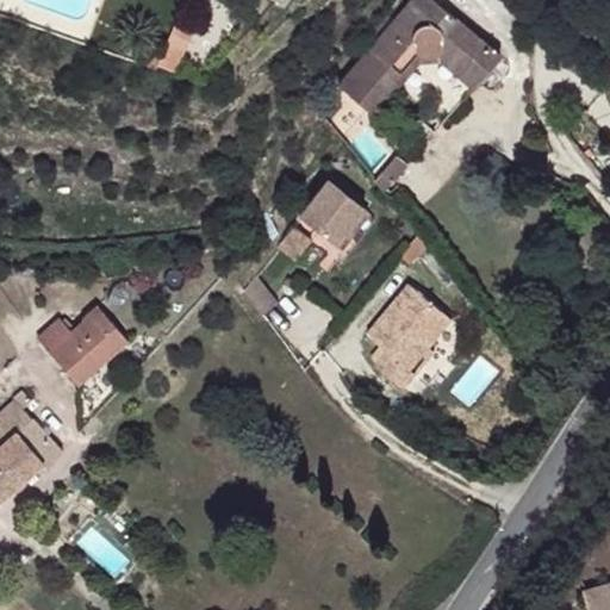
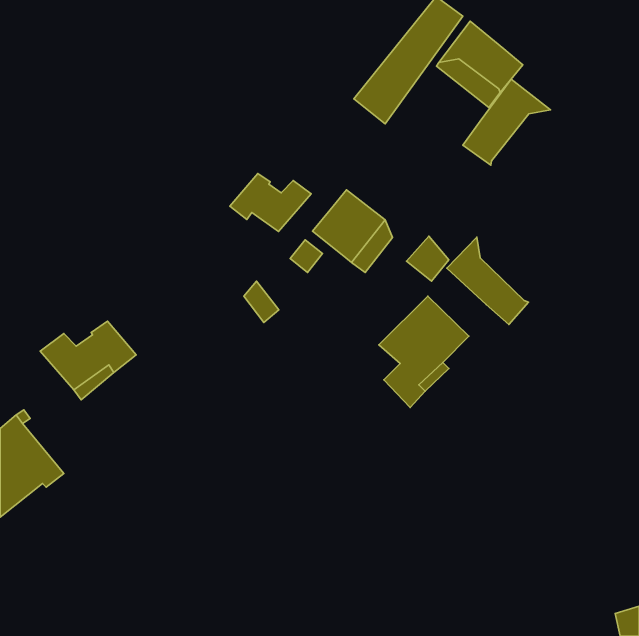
building: none -> [463,79,550,165]
building: none -> [230,173,311,231]
building: none -> [447,237,528,325]

